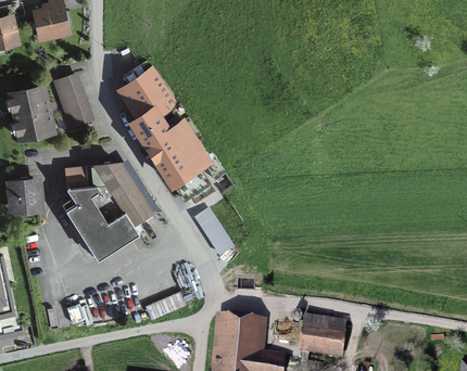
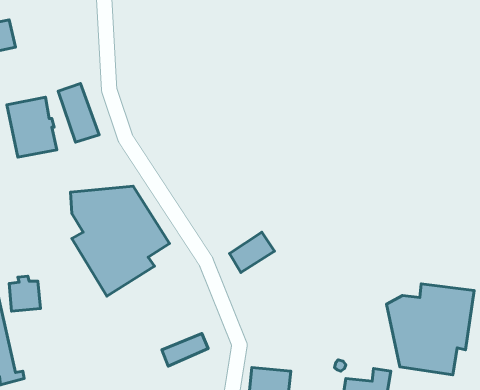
building: [35,8,65,36] -> none
building: [119,68,213,199] -> none
building: [11,177,38,207] -> [9,276,40,311]
building: none -> [386,284,474,375]

